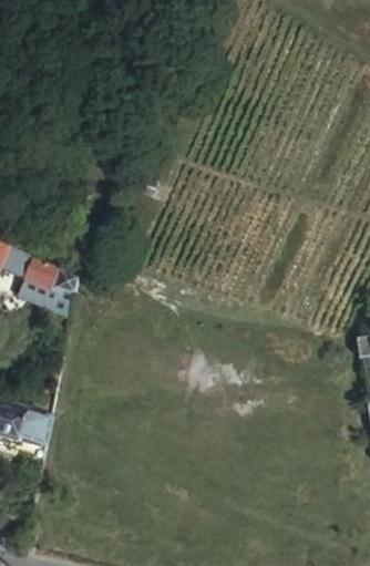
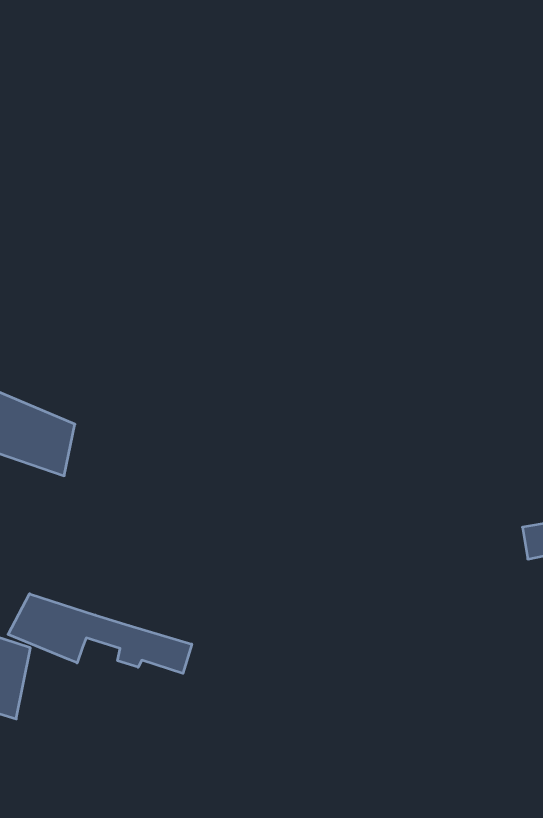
building: none -> [8,594,192,673]

